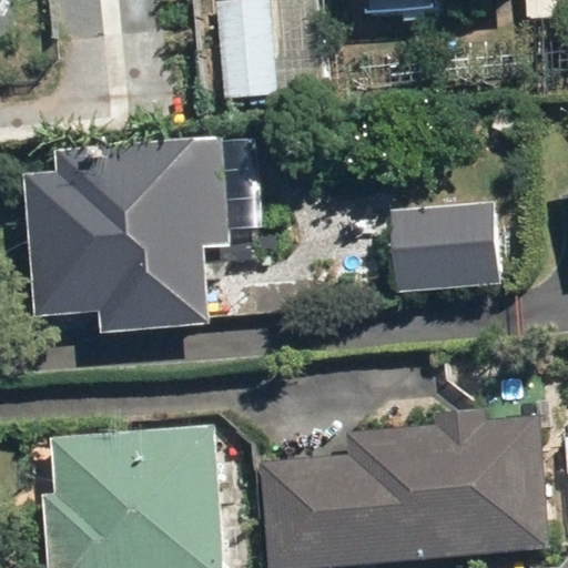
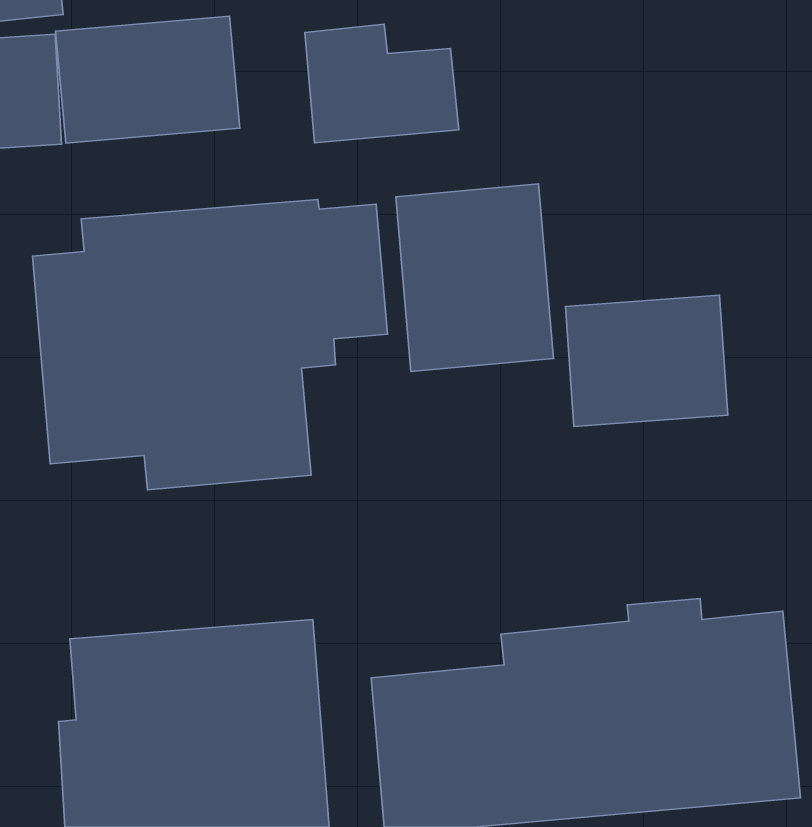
building: none -> [55,16,240,143]
building: none -> [396,184,553,372]

